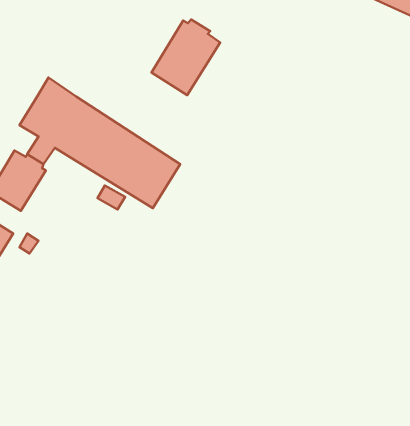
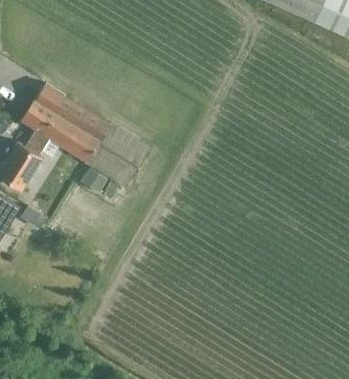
building: [152,19,220,95] -> none

